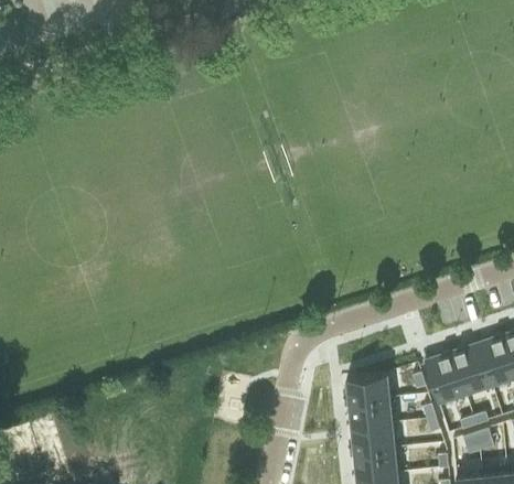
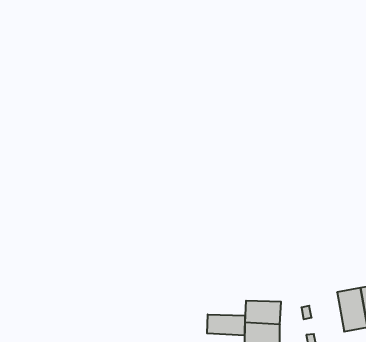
building: [424,351,464,402] -> none
building: none -> [207,314,245,335]

